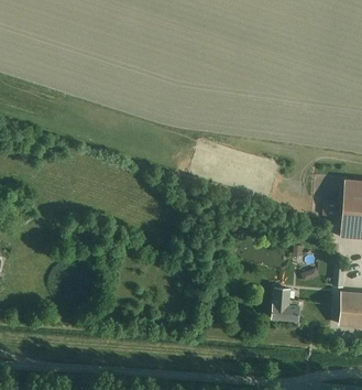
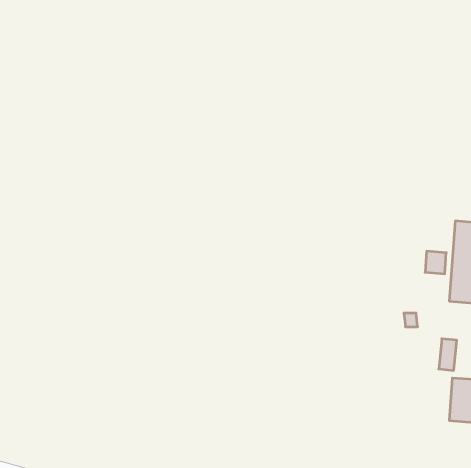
building: [272,289,299,322] -> none

